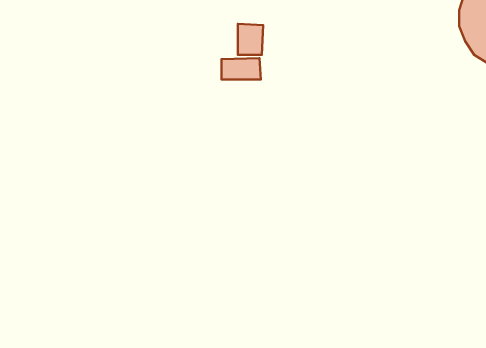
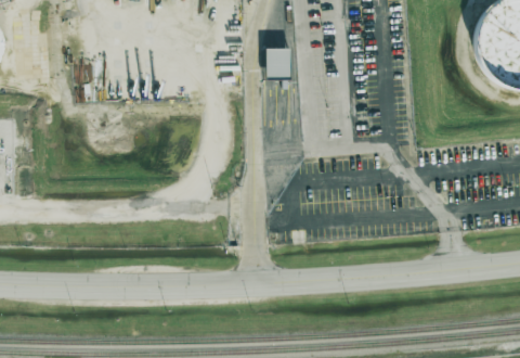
building: [222,58,261,80] -> none

